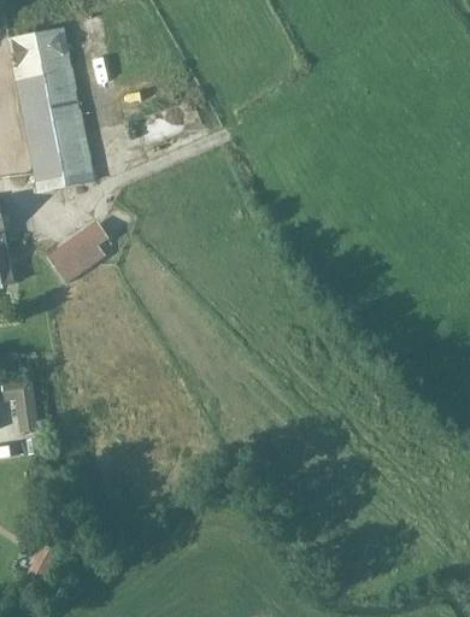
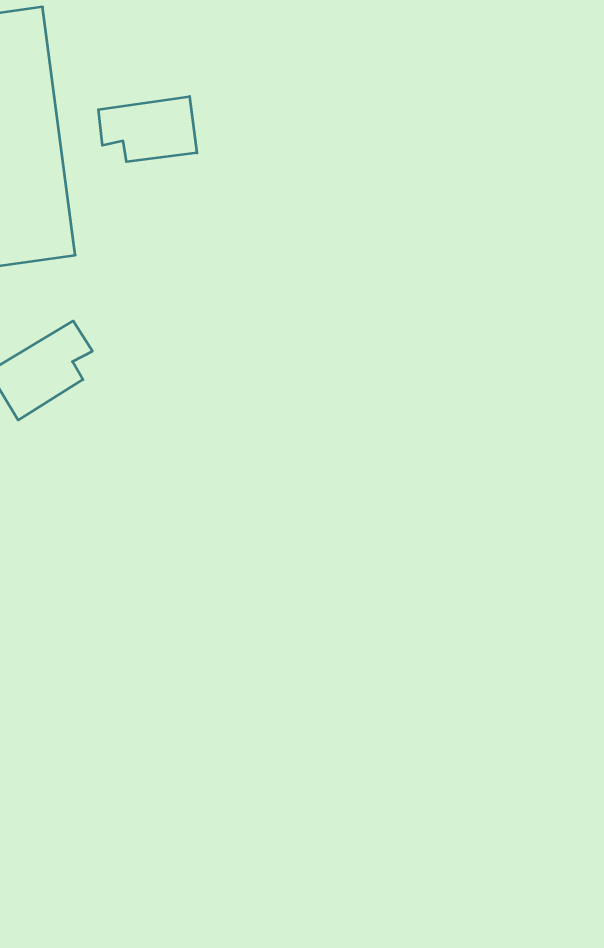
building: none -> [98,96,197,162]

